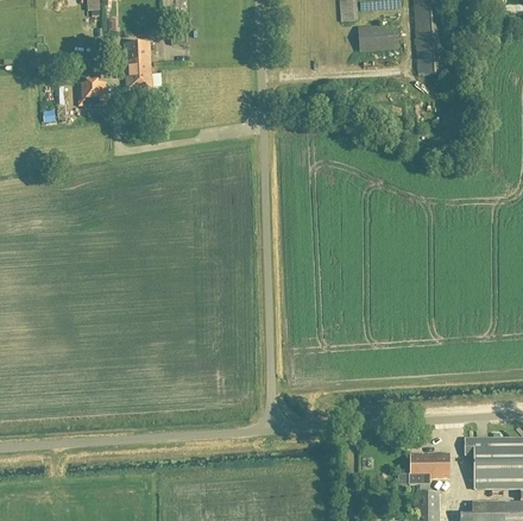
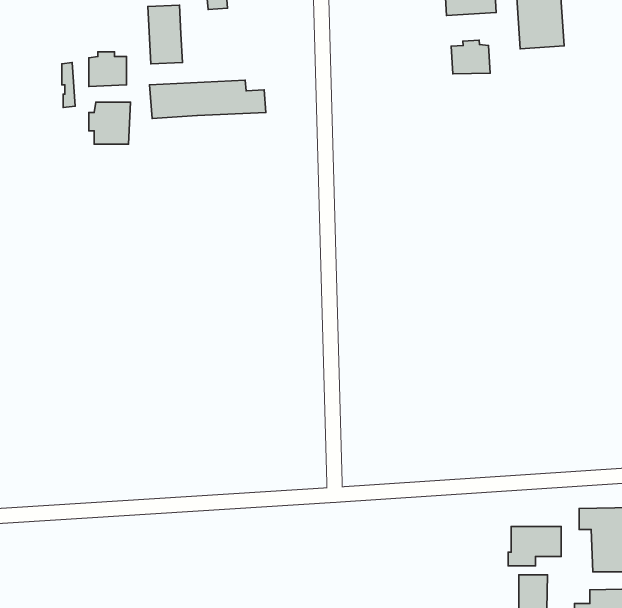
building: none -> [451,40,490,74]
building: none -> [149,80,266,118]
building: none -> [89,102,130,144]

